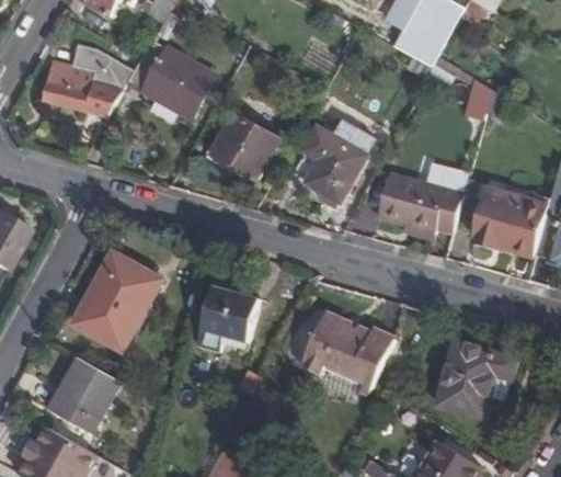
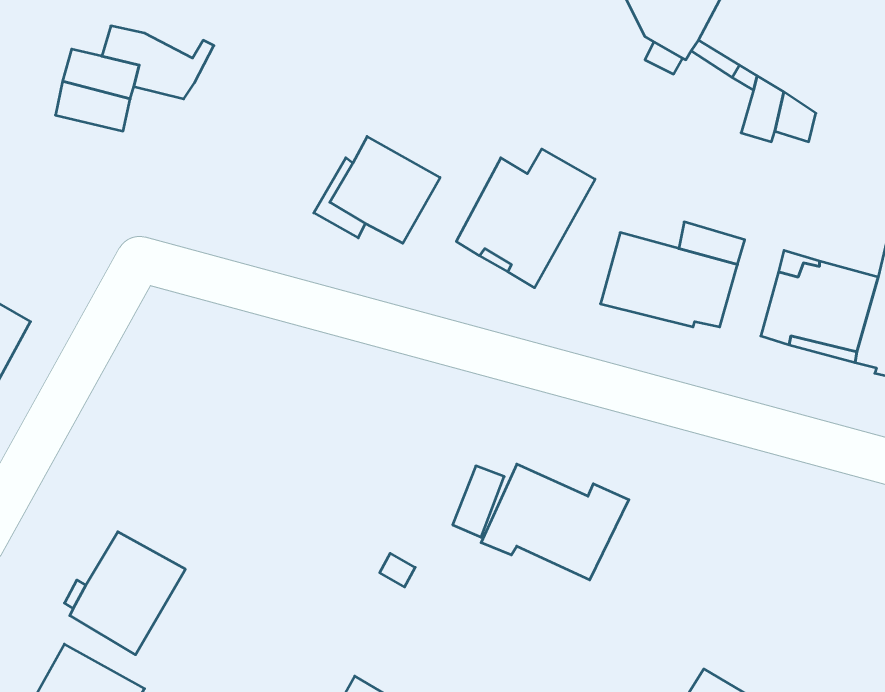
building: [126,39,214,117] -> none
building: [83,254,164,349] -> none
building: [198,285,260,347] -> none
building: [436,340,515,417] -> none

